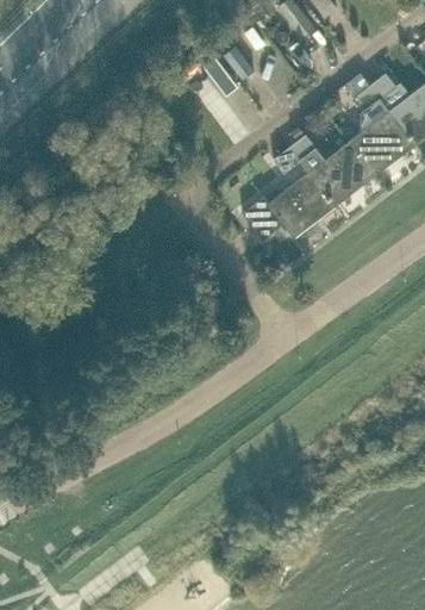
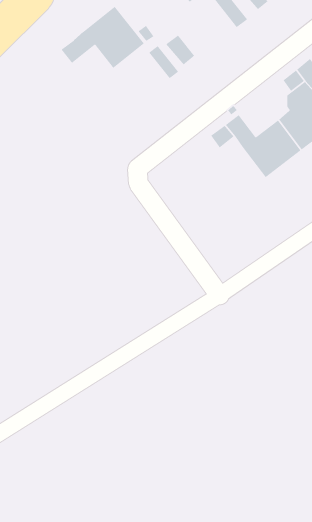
building: none -> [60,6,145,69]
building: [240,170,335,238] -> none

